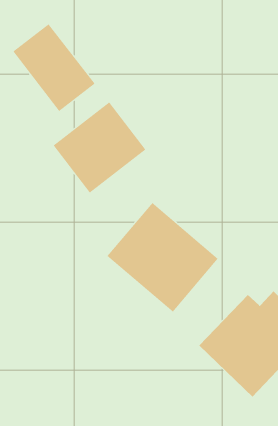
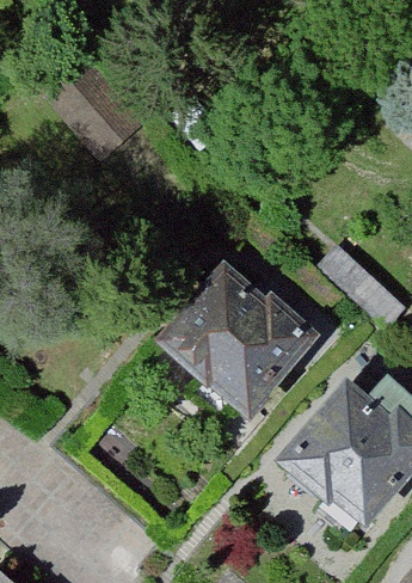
building: [53,102,146,193] -> none

